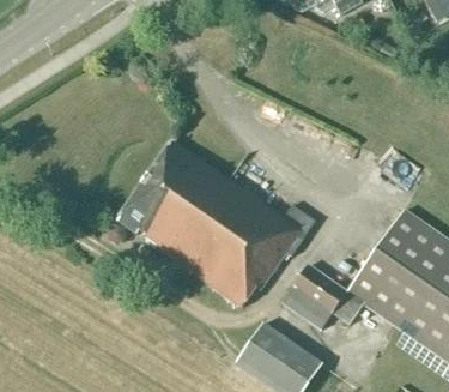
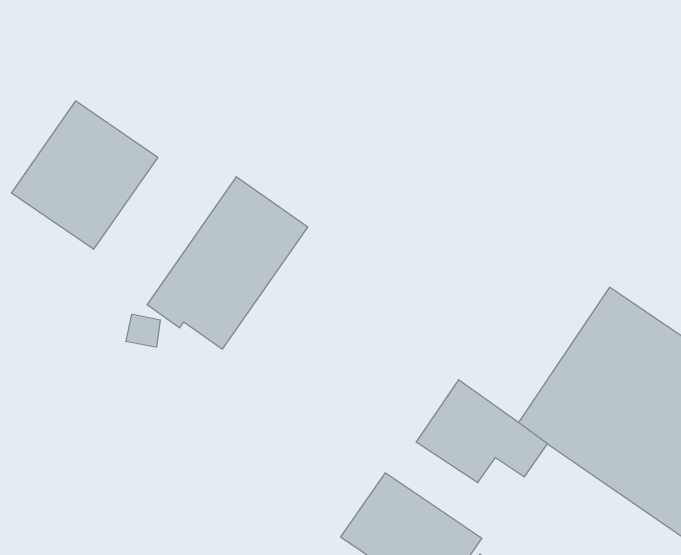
building: none -> [11,101,158,249]
building: [160,170,317,306] -> none

